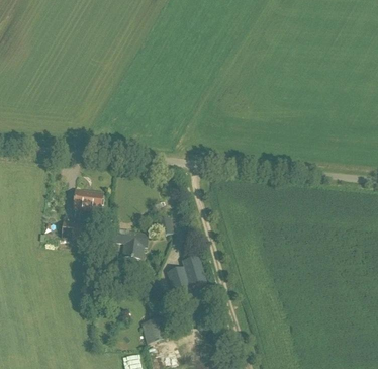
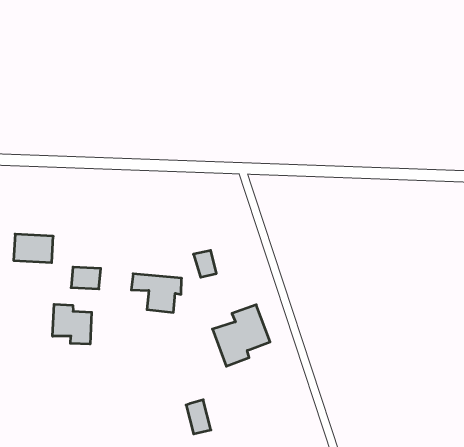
building: [74,188,102,209] -> [14,234,53,263]
building: none -> [53,304,92,344]

